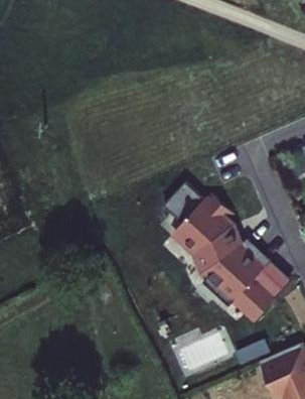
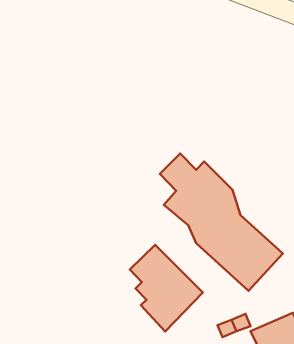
building: none -> [130,245,203,331]

